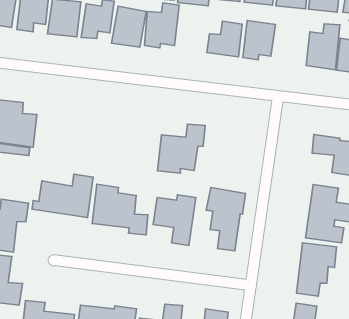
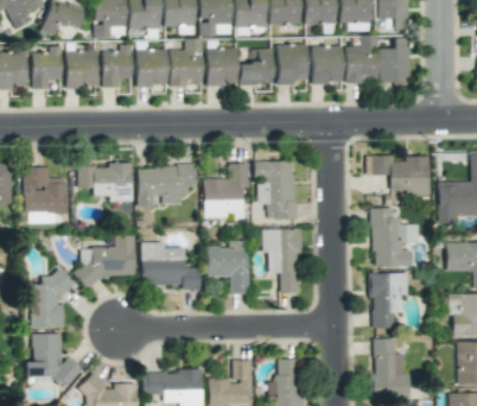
building: none -> [205,47,237,85]
building: none -> [311,45,343,83]
building: none -> [78,163,134,202]
building: none -> [139,165,197,207]
building: none -> [256,160,295,220]

